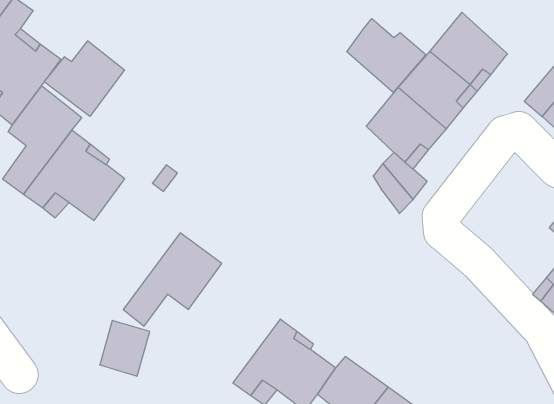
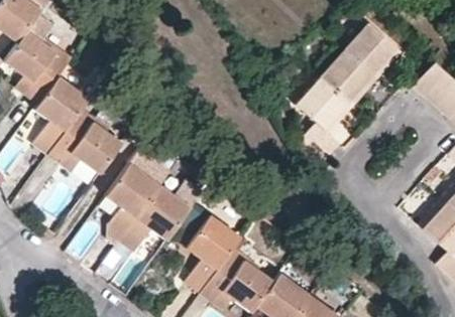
building: [347,19,426,93] -> none
building: [44,41,124,116] -> none
building: none -> [103,161,160,239]
building: none -> [183,213,240,292]

